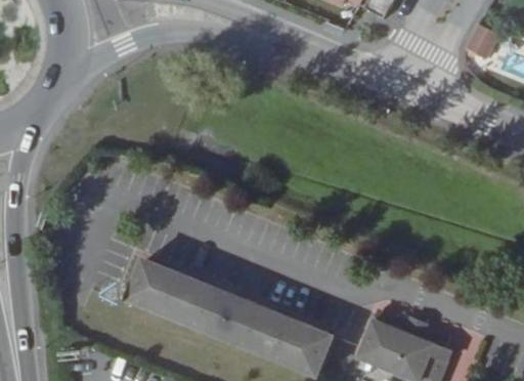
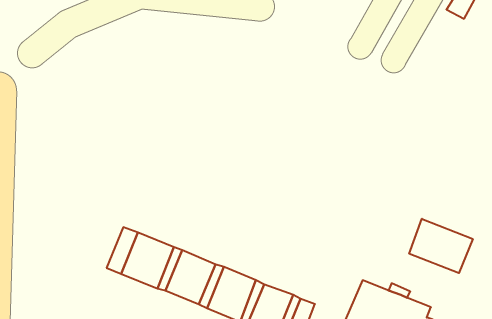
building: none -> [409,219,473,273]

